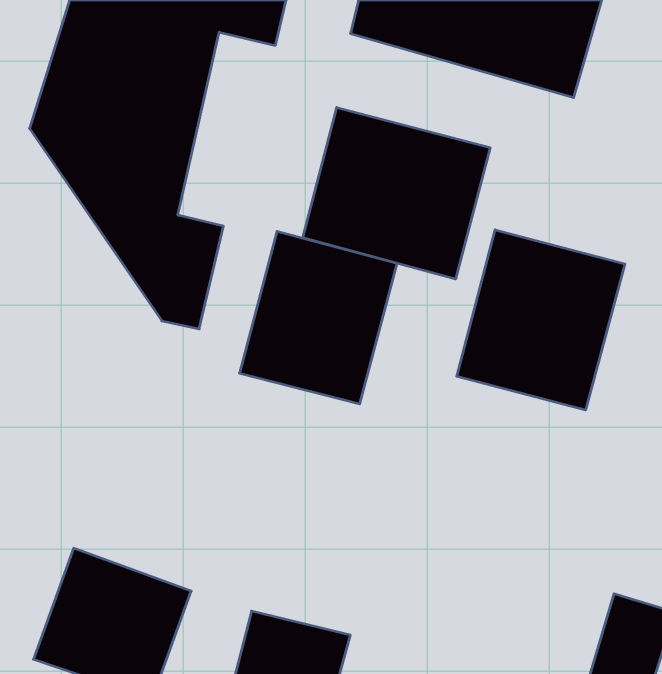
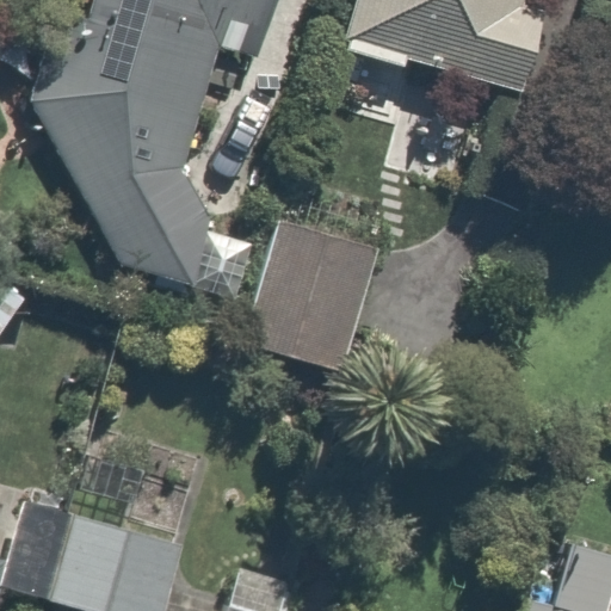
building: [303,107,490,279] -> none
building: [457,230,625,410] -> none

